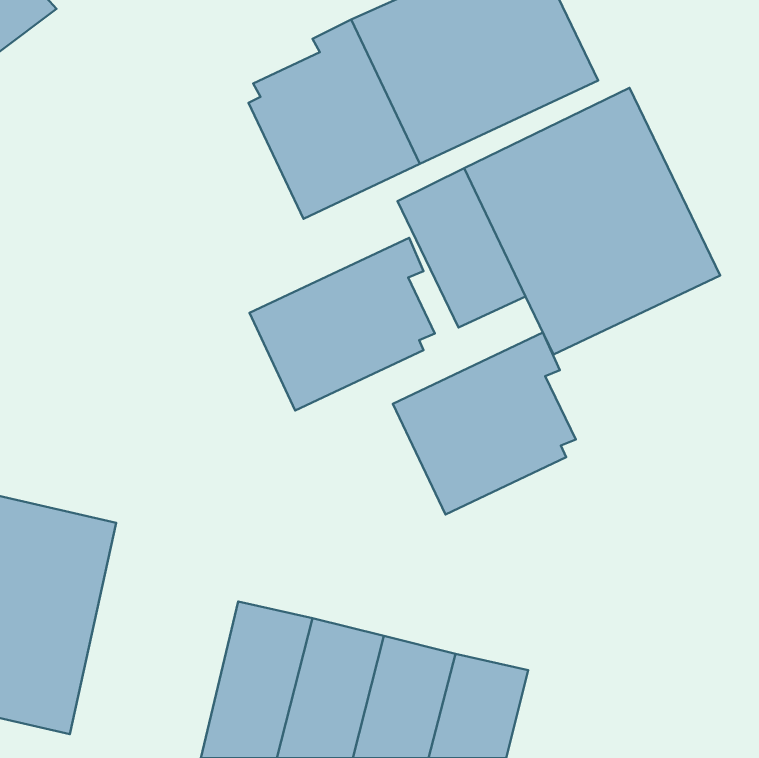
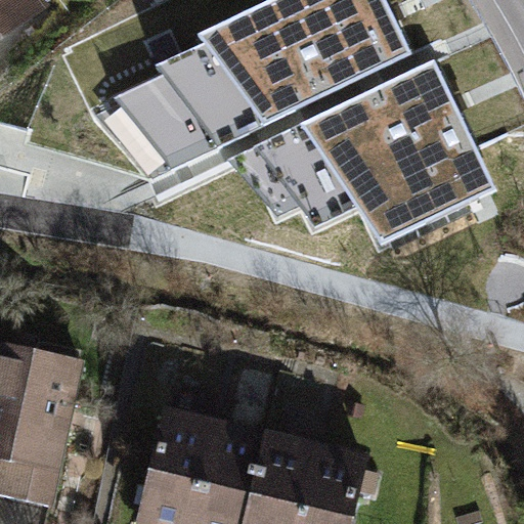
building: none -> [133,71,209,169]
building: [249,238,435,411] -> none
building: [393,332,576,515] -> none

